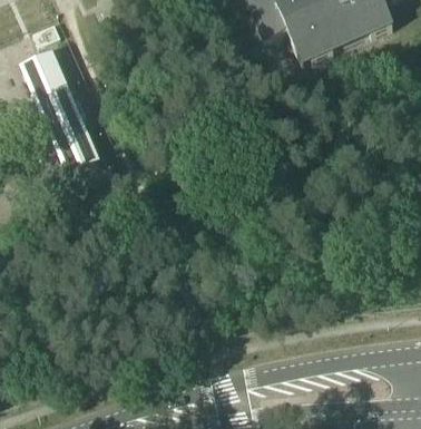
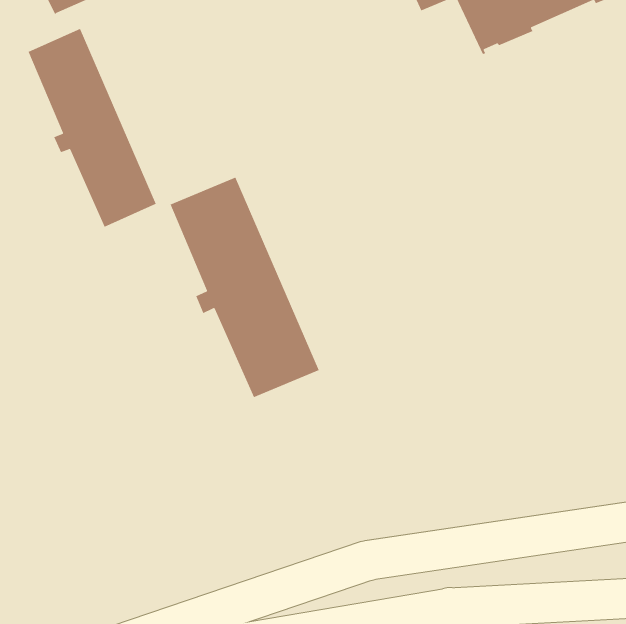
building: none -> [170,176,320,398]

